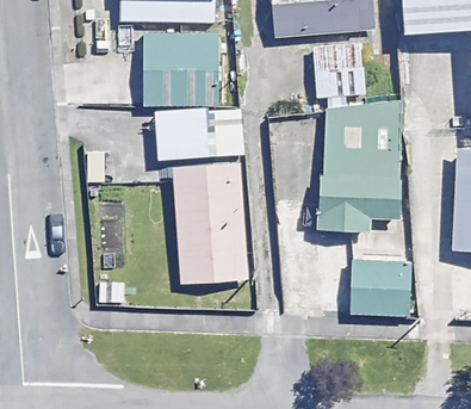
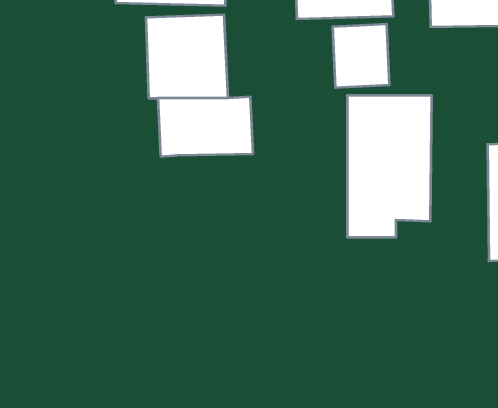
building: [173,157,247,284] -> none
building: [354,262,411,317] -> none

